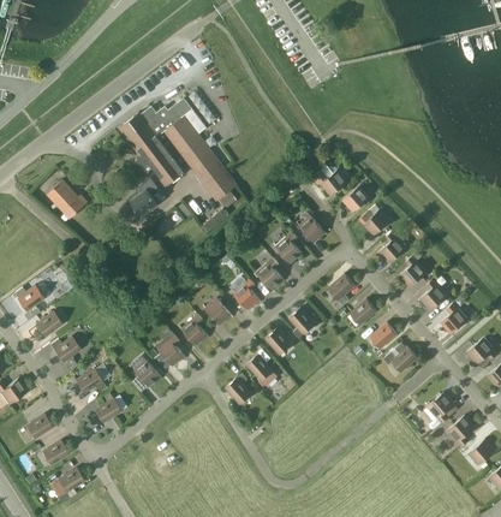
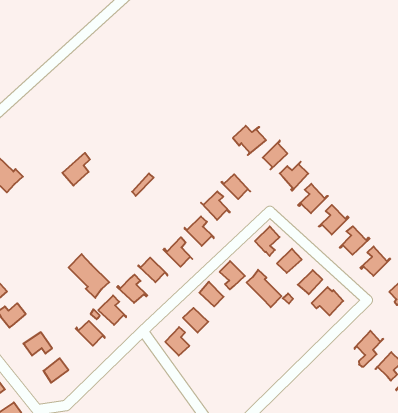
building: [121,101,237,201] -> none
building: none -> [69,254,109,298]
building: none -> [247,270,281,307]

